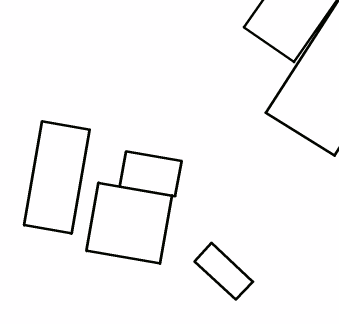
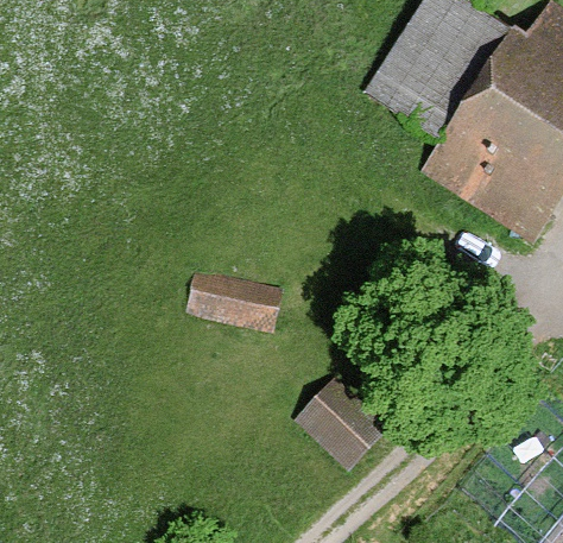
building: [24,121,90,234] -> none
building: [87,183,172,264] -> none

